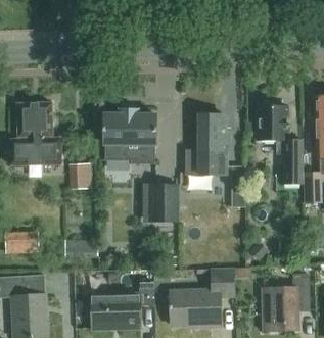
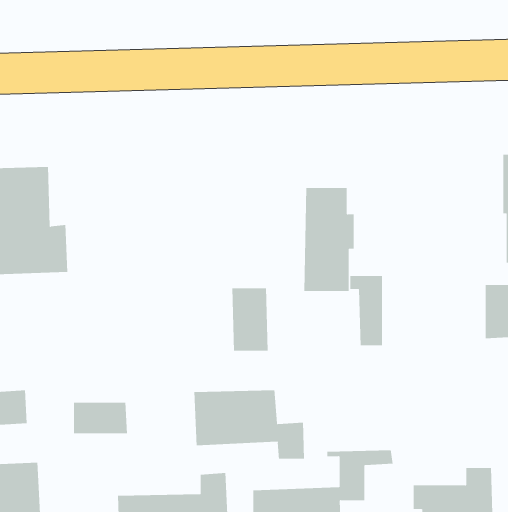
building: [258,106,302,184] -> none
building: [102,110,155,165] -> none
building: [67,163,91,189] -> none
building: none -> [194,389,305,459]

